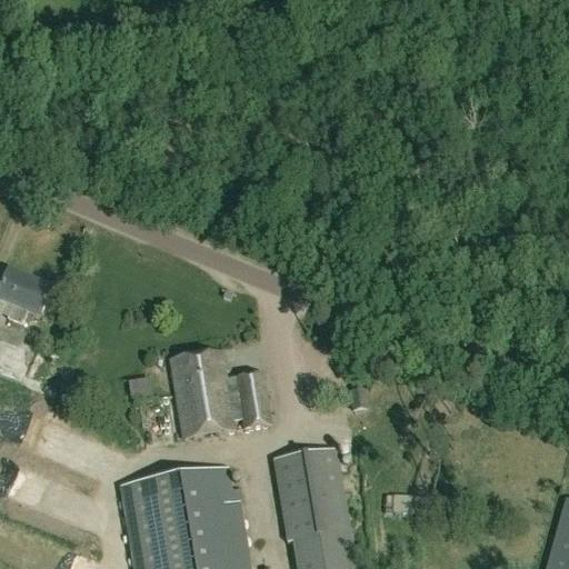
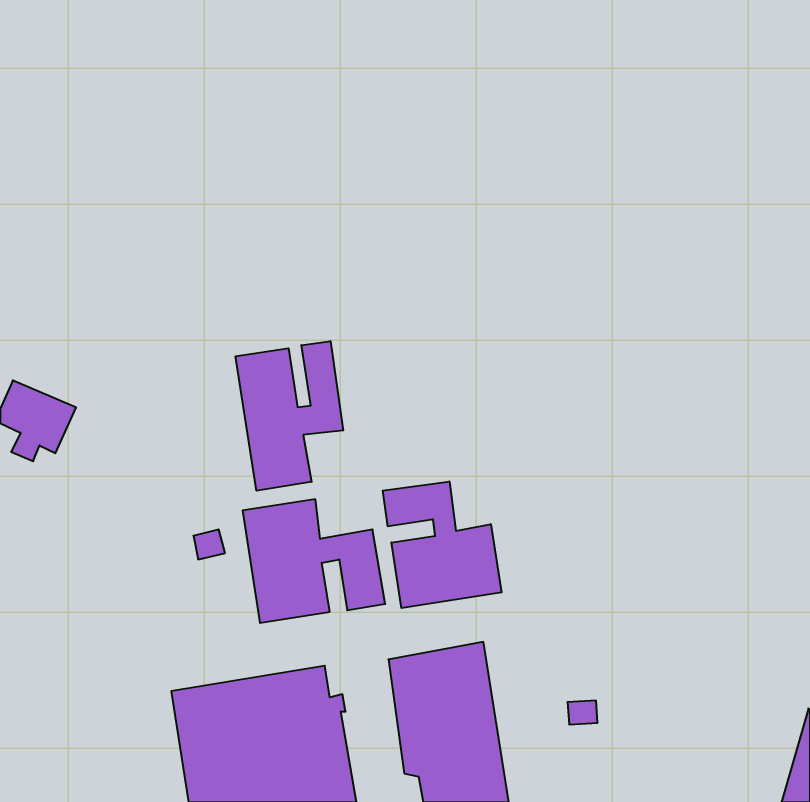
building: none -> [236,341,343,491]
building: none -> [383,481,502,608]

